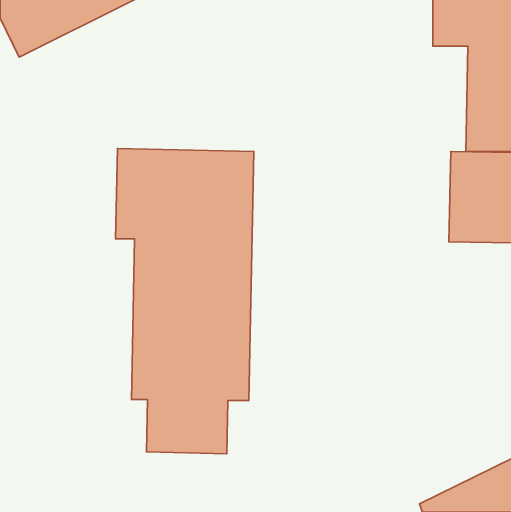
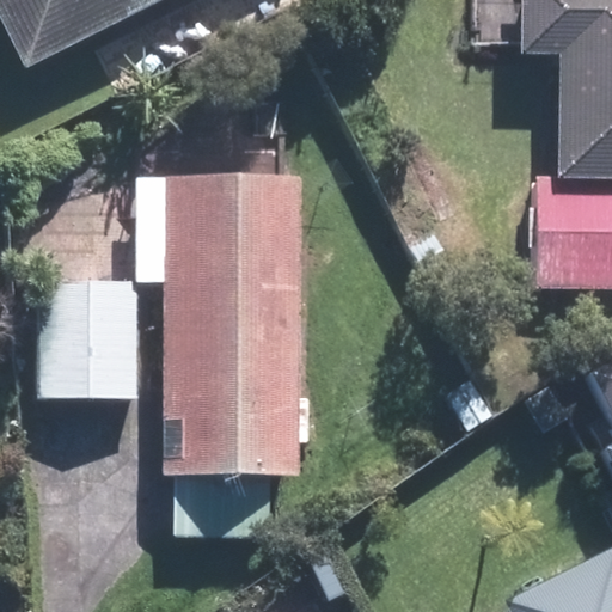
building: none -> [39,280,136,397]

